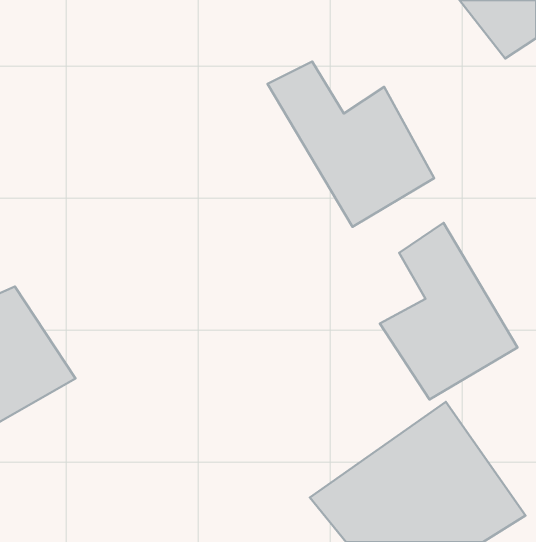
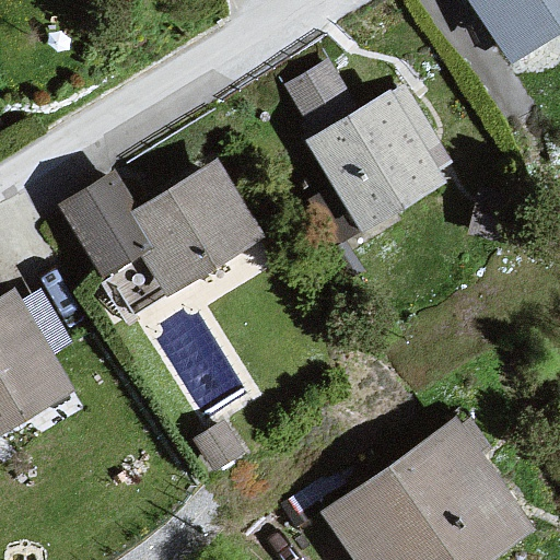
building: none -> [56,161,266,295]
building: [380,223,518,400] -> none

